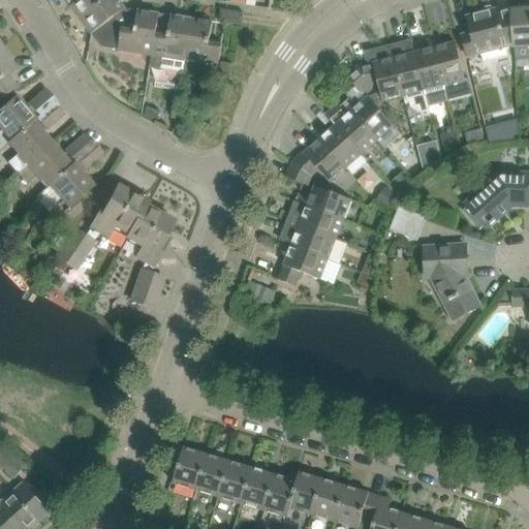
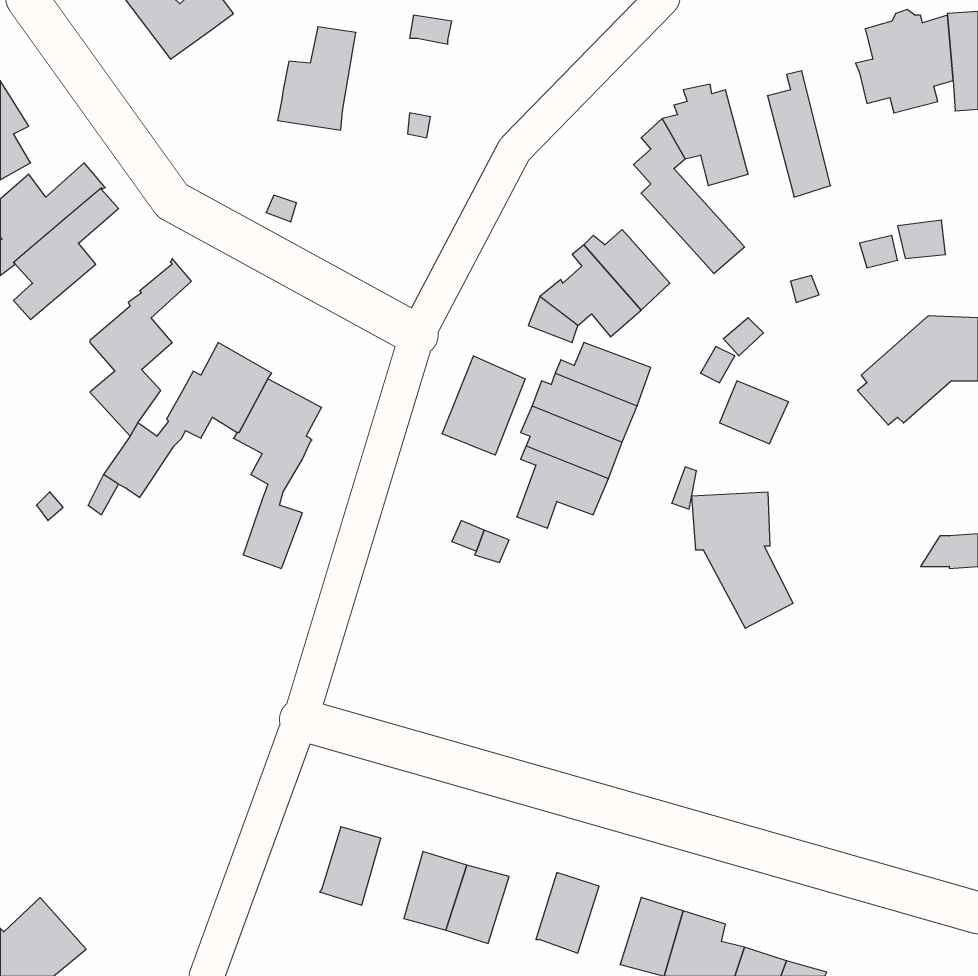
building: [92,9,159,55] -> none
building: [185,18,222,75] -> none
building: [433,36,473,100] -> none
building: [392,38,431,116] -> none
building: [326,103,378,153] -> none
building: [17,133,93,187] -> none
building: none -> [442,356,525,455]
building: [425,245,479,318] -> [692,492,793,628]
building: [195,453,228,496] -> none
building: [263,468,301,517] -> none
building: [312,478,346,521] -> none

